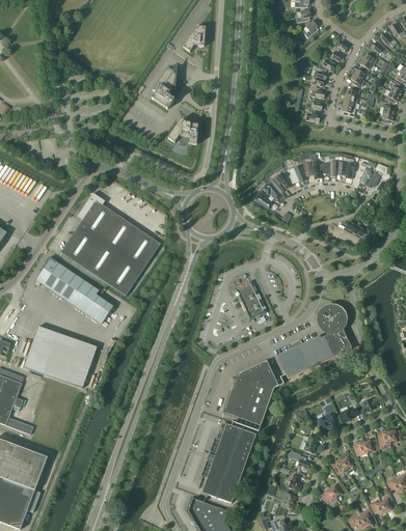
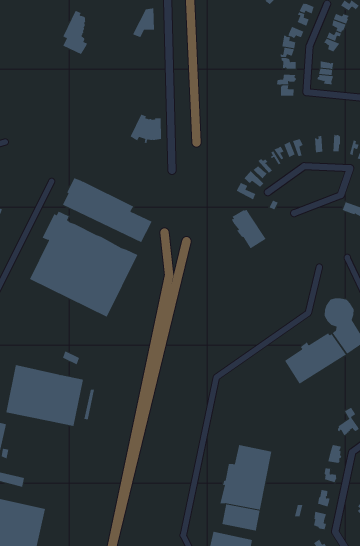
building: [152,67,175,108] -> [62,10,88,55]
building: [36,256,114,323] -> [62,177,153,243]
building: [236,281,265,317] -> [231,209,266,249]
building: [223,360,278,424] -> none

